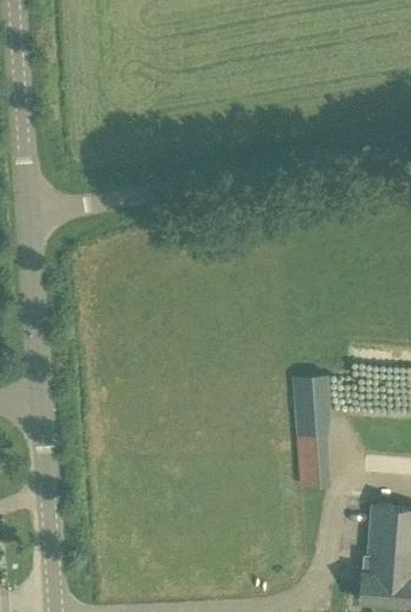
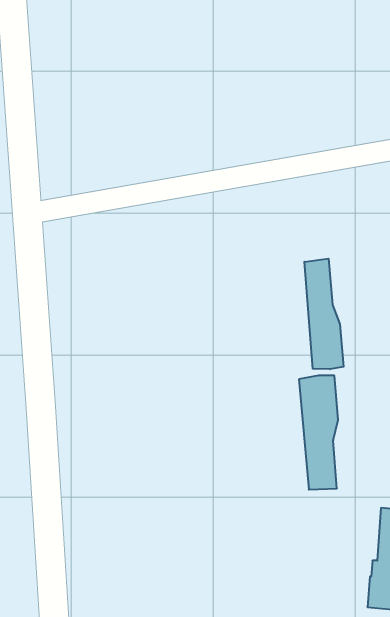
building: none -> [304,259,344,369]

